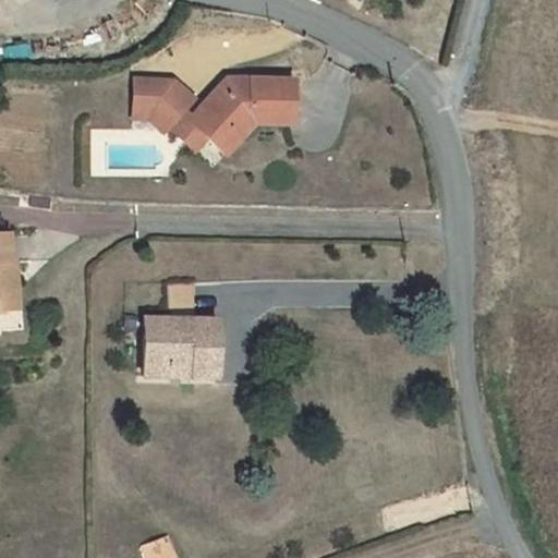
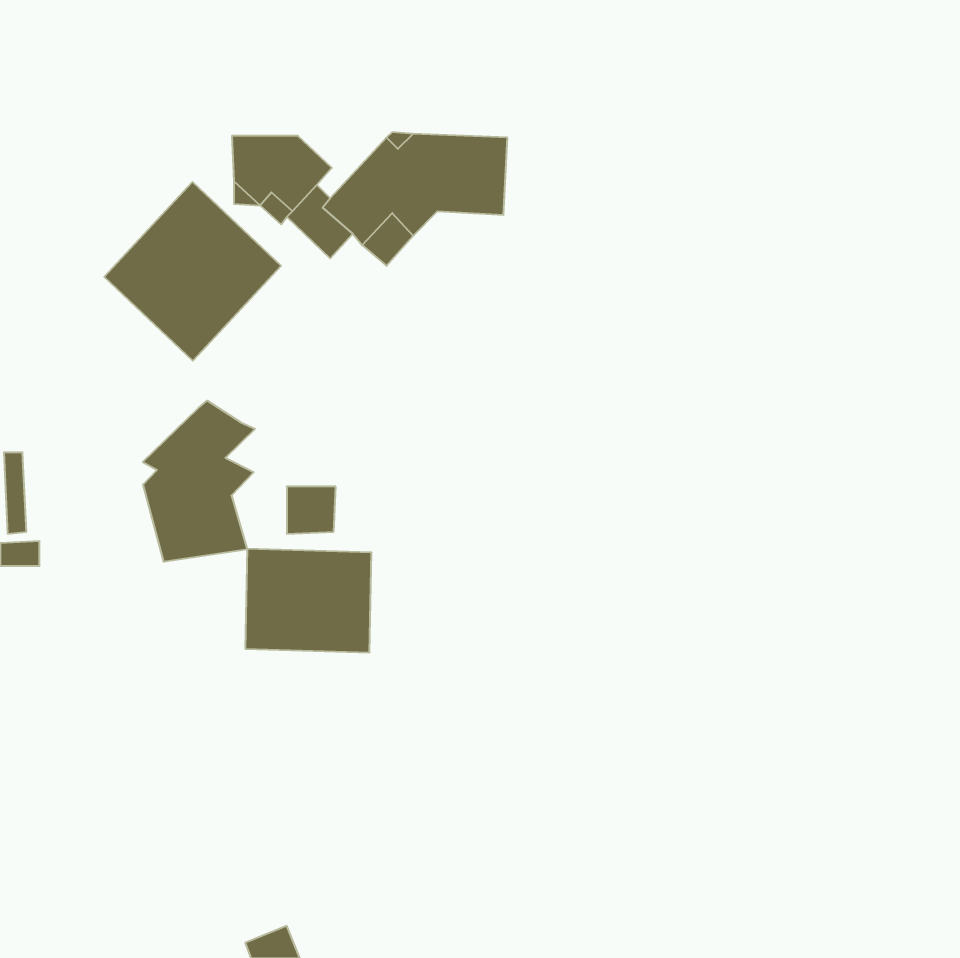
building: none -> [104,182,281,361]
building: none -> [143,401,255,562]

